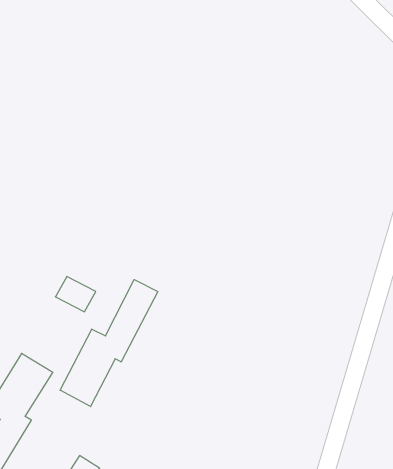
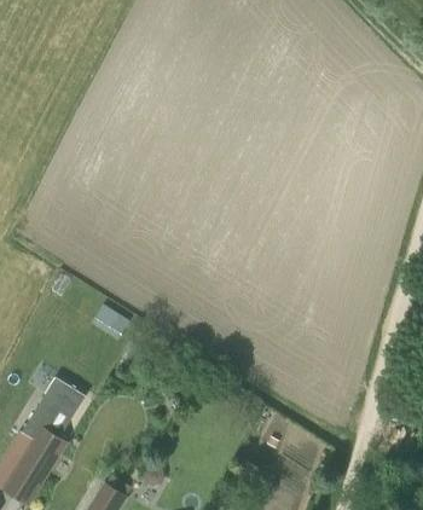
building: [60,280,158,407] -> none

